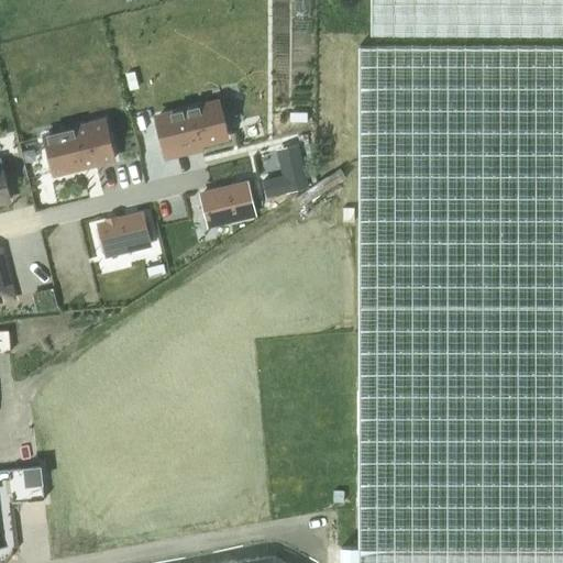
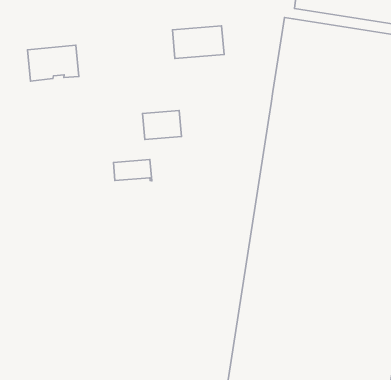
building: [156,102,225,152] -> [172,26,224,58]
building: [263,145,307,196] -> none
building: [98,218,150,251] -> [113,159,152,181]

